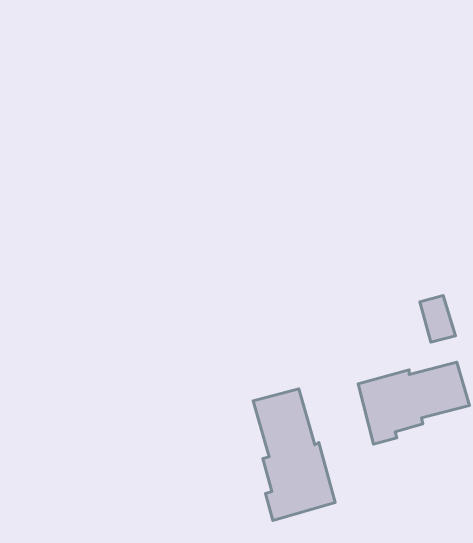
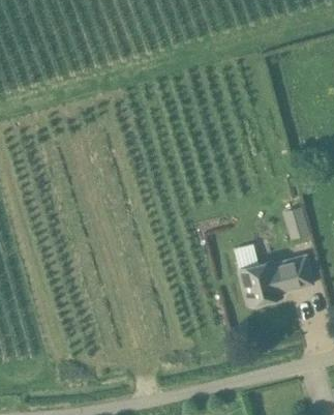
building: [253,389,335,521] -> none

